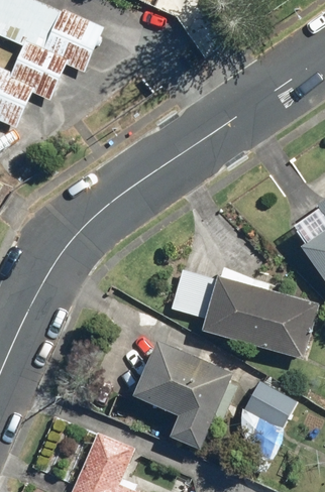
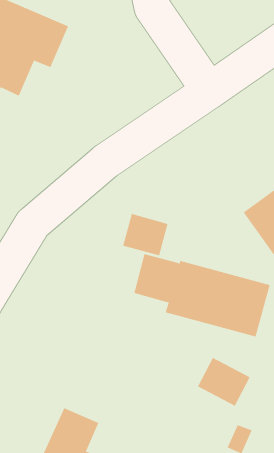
building: none -> [123,213,168,256]
building: [134,342,231,449] -> none

